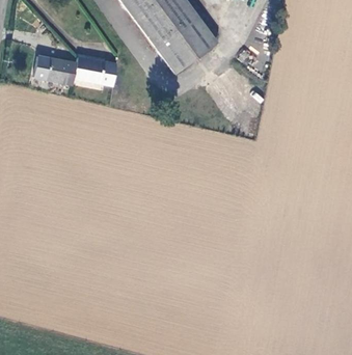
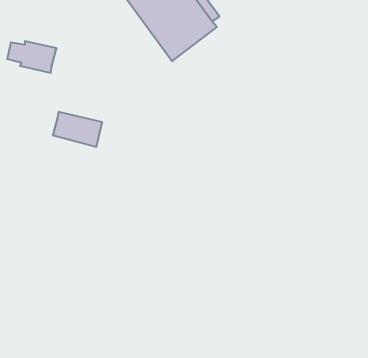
building: [71,58,114,89] -> [53,112,102,147]

